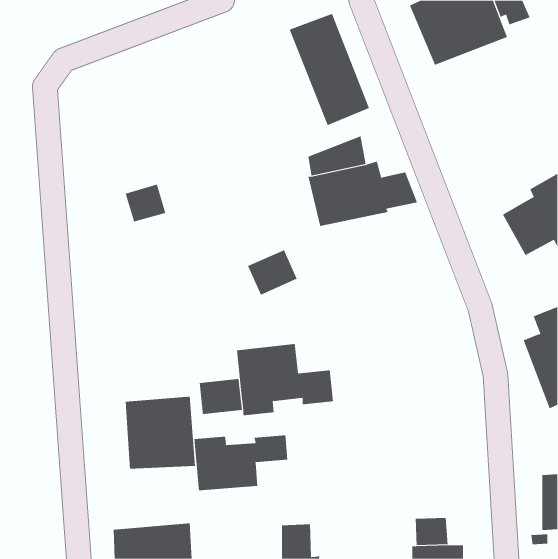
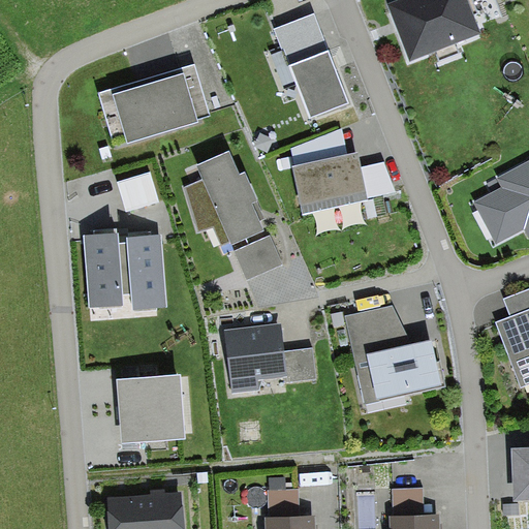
building: none -> [97,64,209,144]
building: none -> [184,151,263,245]
building: none -> [85,228,165,310]
building: none -> [345,305,444,406]
building: [199,378,242,415] -> none
building: [194,435,288,491] -> none

